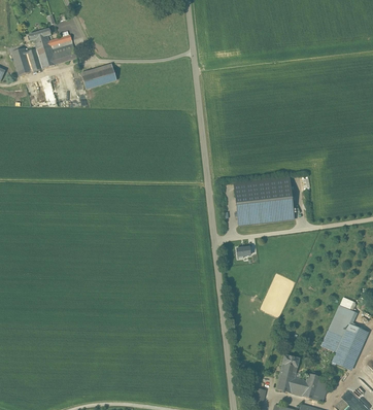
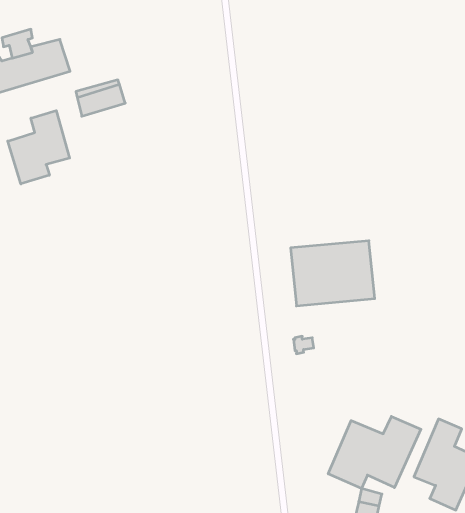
building: none -> [8,111,70,184]
building: none -> [328,416,421,488]

